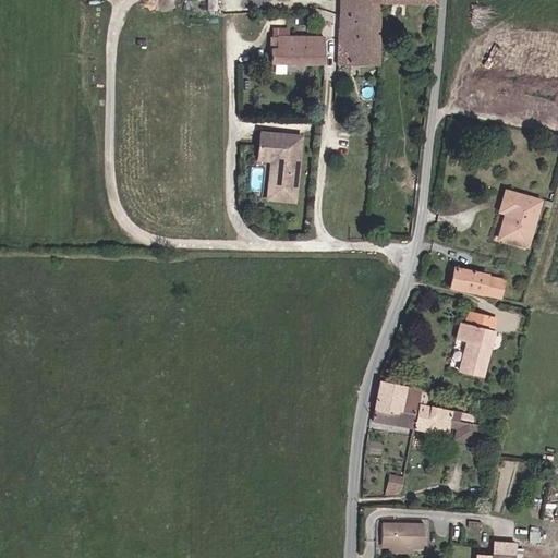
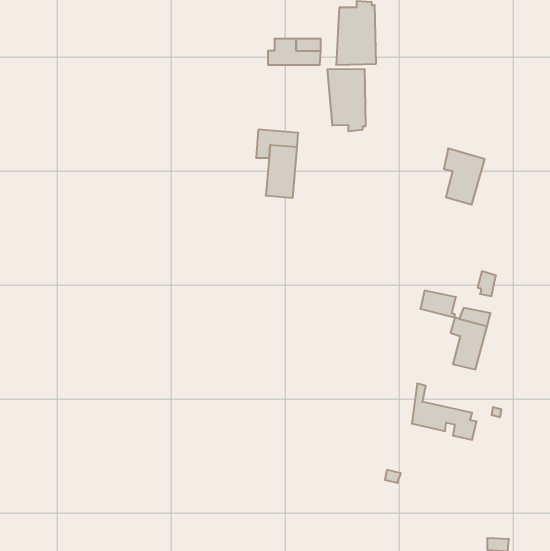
building: none -> [327,69,365,131]
building: [497,190,538,246] -> [444,148,485,205]
building: [450,267,486,294] -> [420,291,456,318]
building: [375,378,421,427] -> none
building: [381,524,424,548] -> none

